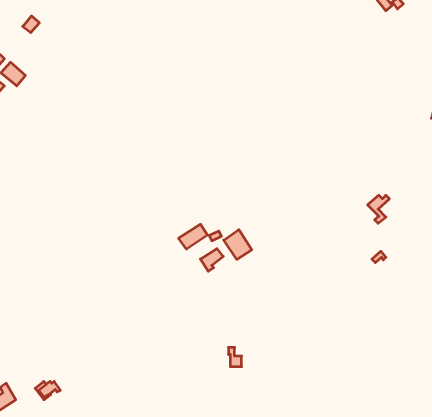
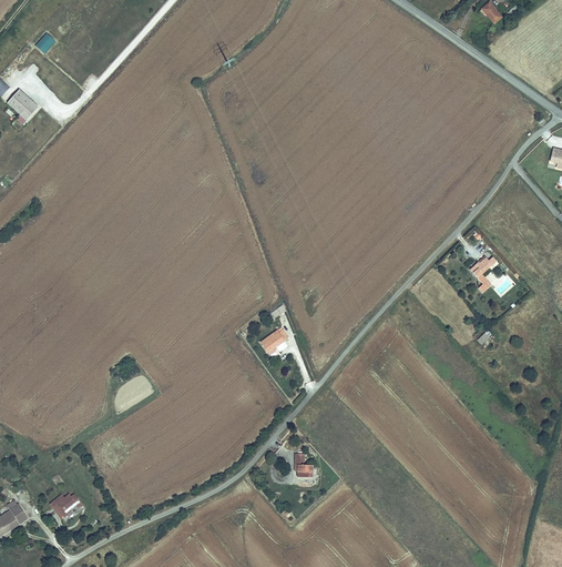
building: [179,224,208,249] -> none
building: [224,230,252,259] -> none

